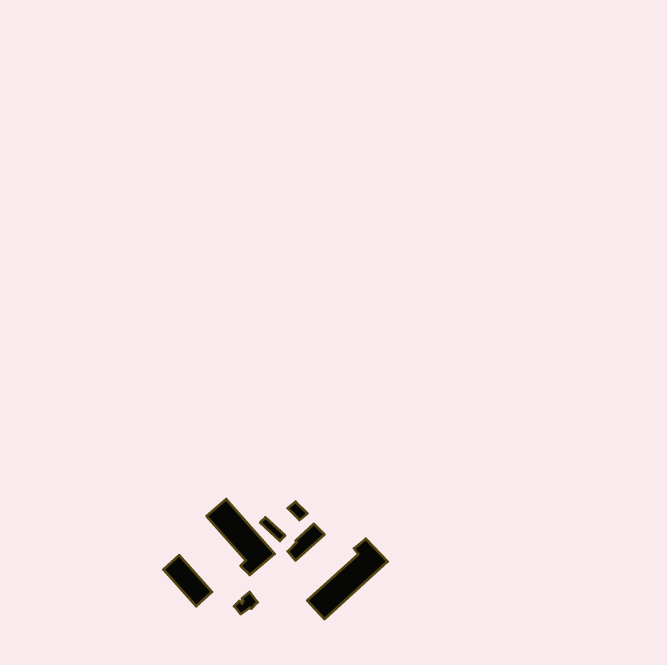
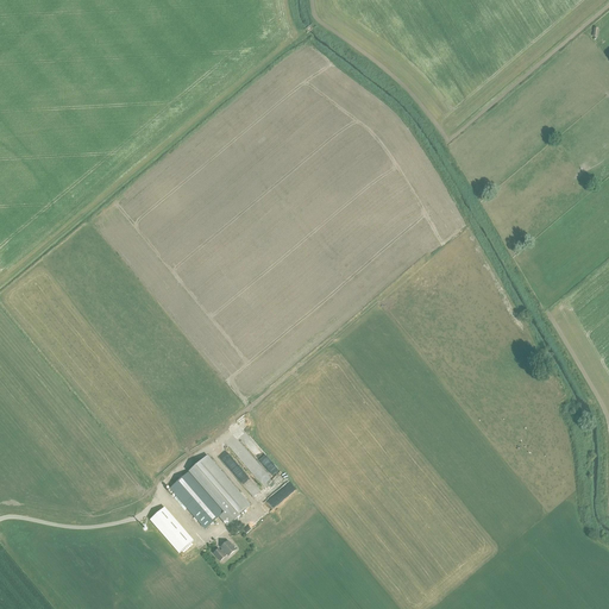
building: none -> [169,470,224,527]
building: [307,539,388,619] -> none

